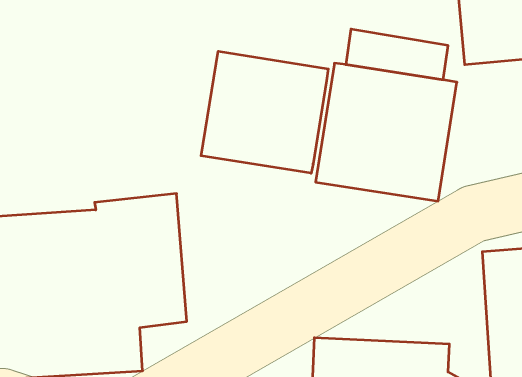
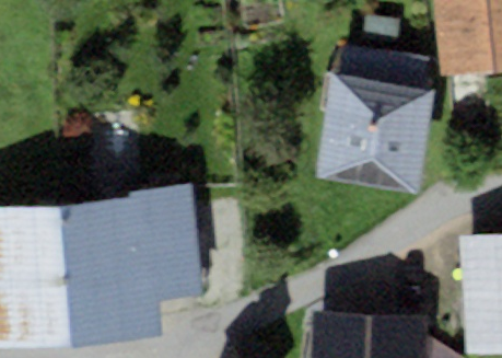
building: [201,51,328,173] -> none

